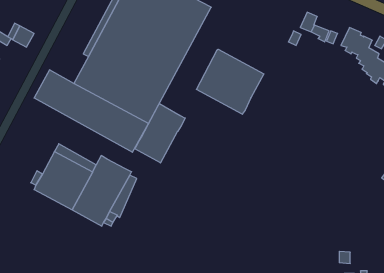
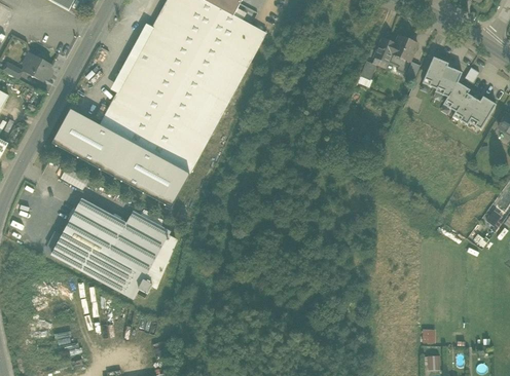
building: none -> [391,35,417,61]
building: [196,49,264,114] -> none
building: [135,104,185,163] -> none

